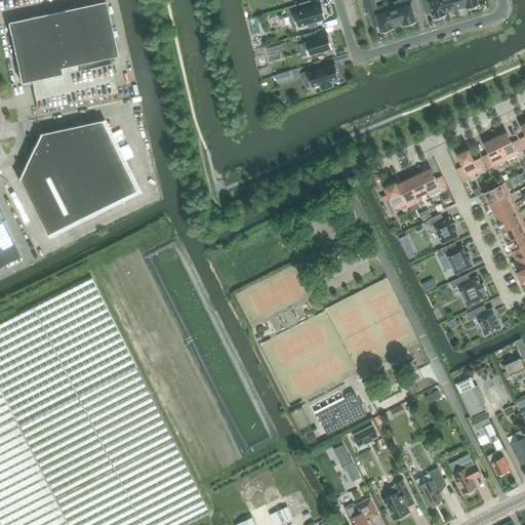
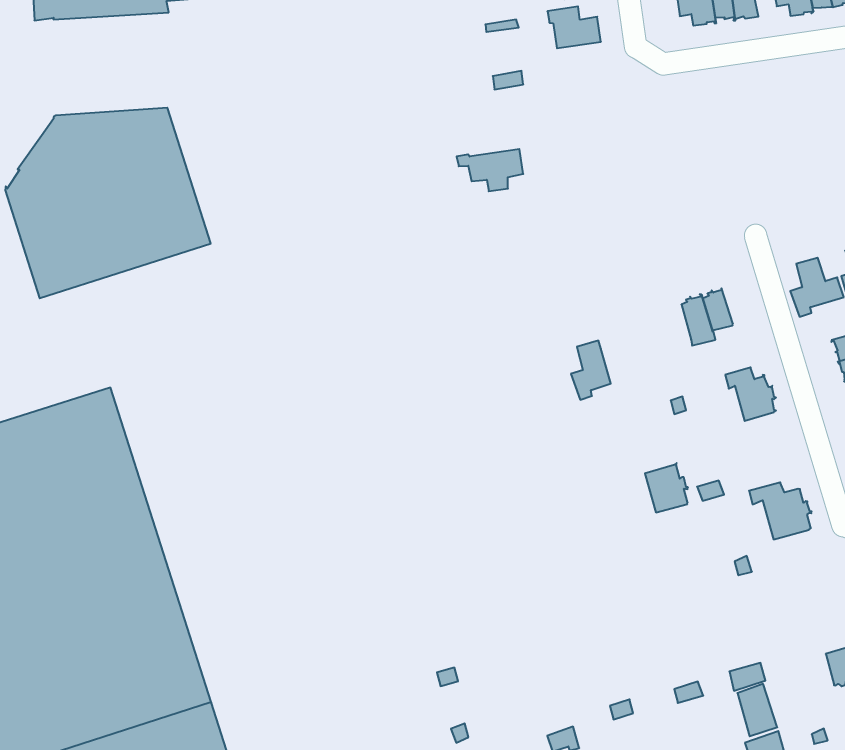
building: [301,65,339,90] -> [457,149,523,191]
building: [418,167,447,197] -> none
building: [383,181,406,215] -> [571,341,611,400]
building: [446,245,472,274] -> [645,463,688,512]
building: [468,306,501,335] -> none
building: [317,392,366,435] -> none

